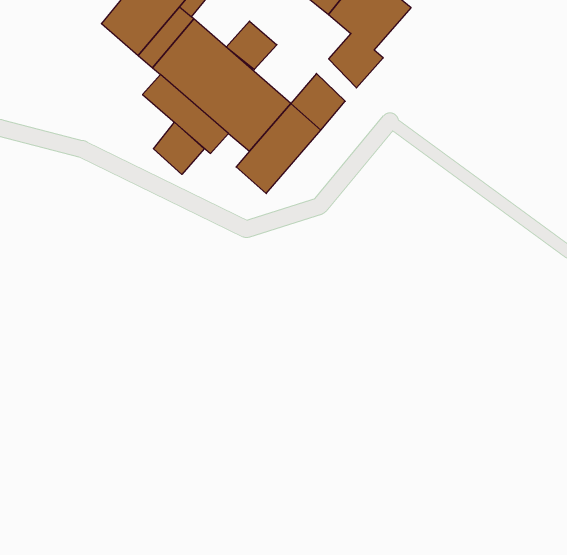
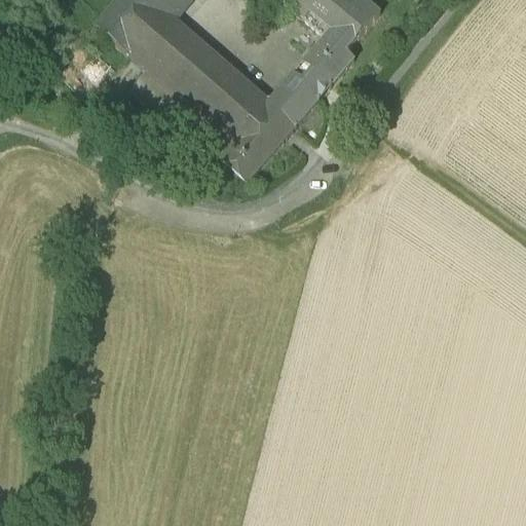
building: [226,21,277,70] -> none
building: none -> [294,54,331,93]
building: [153,122,204,174] -> none

